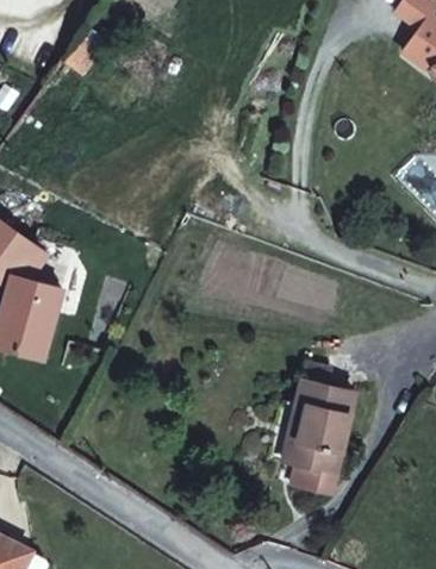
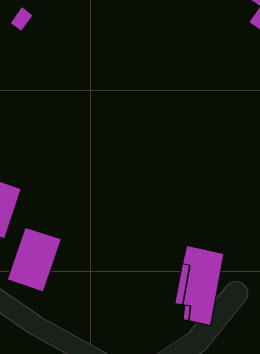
building: none -> [7,227,61,292]

